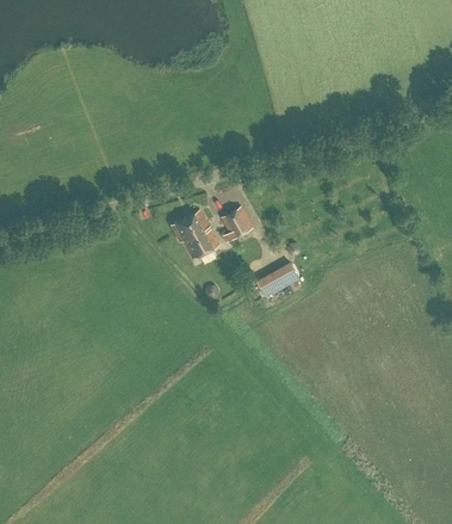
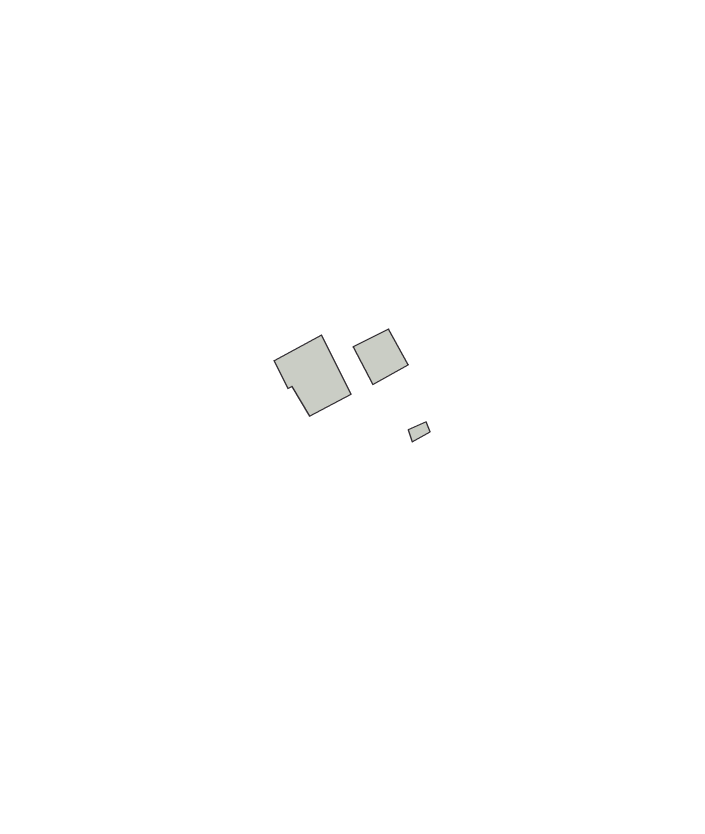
building: [258,260,301,297] -> none

